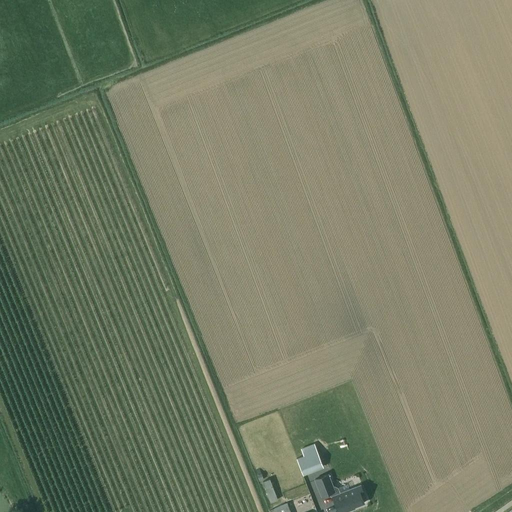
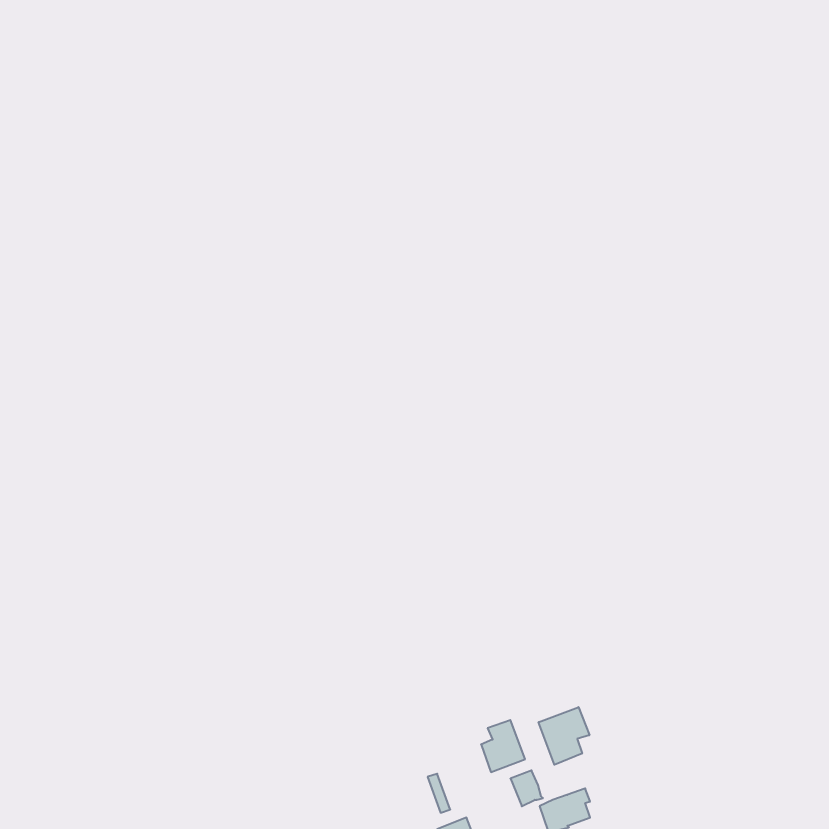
building: none -> [539,707,589,765]

